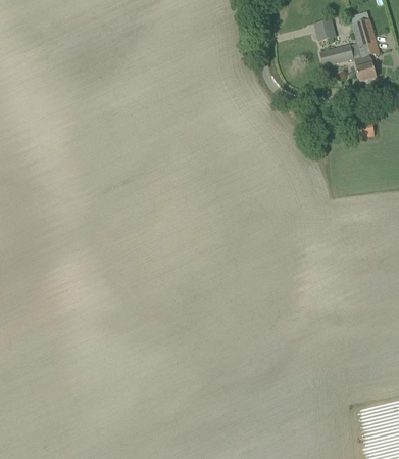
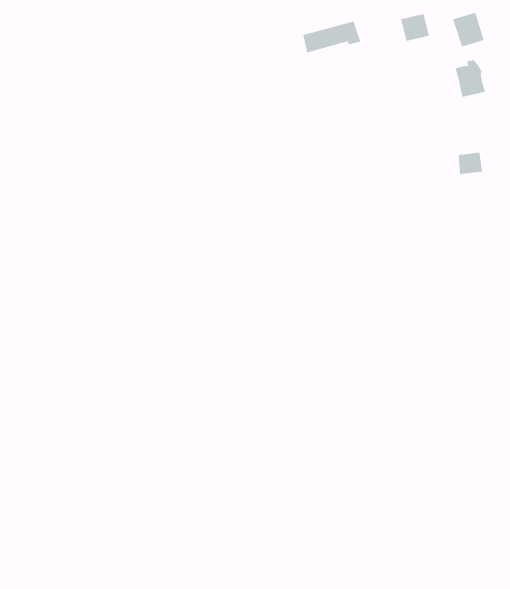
building: [320,42,363,65] -> [302,21,361,53]

